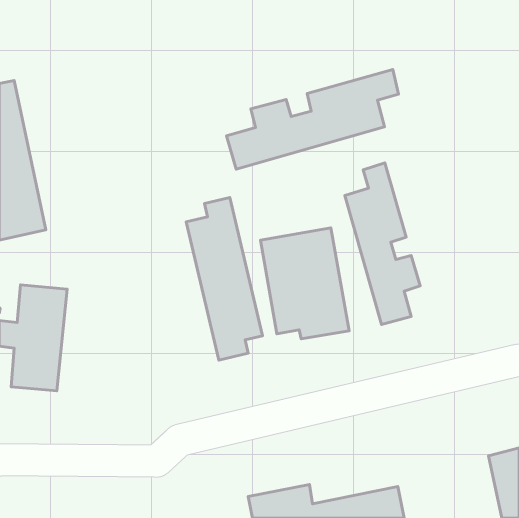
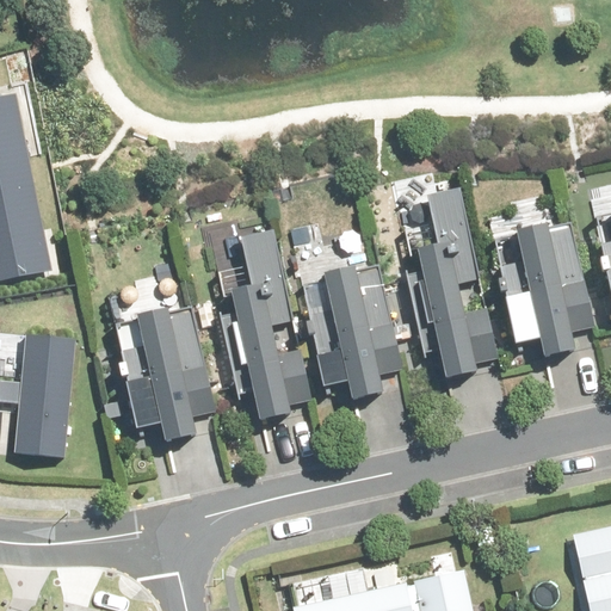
building: [226,69,398,169] -> none
building: none -> [501,220,598,359]
building: none -> [121,304,216,444]

